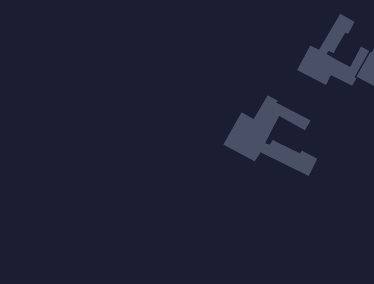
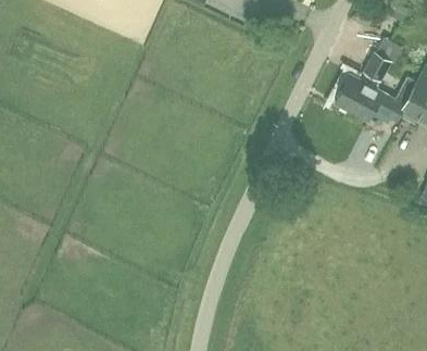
building: [222,94,318,177] -> none

